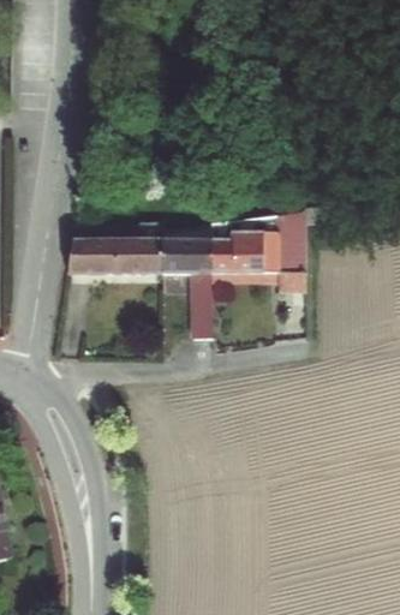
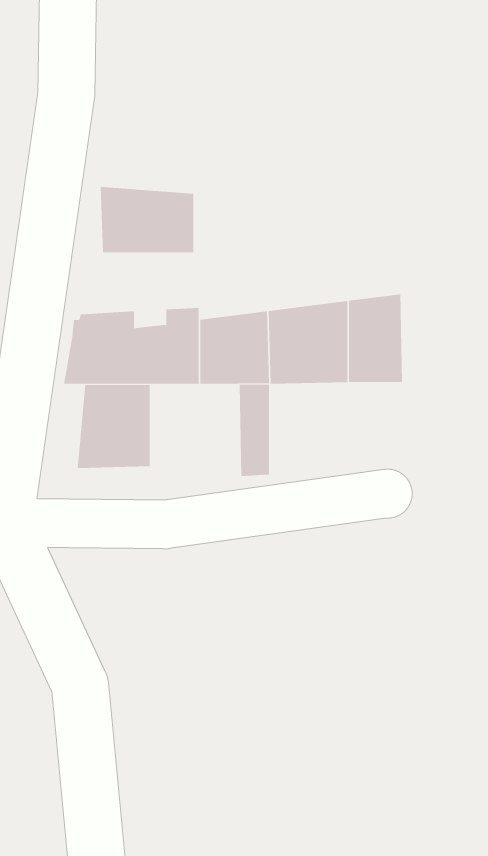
building: none -> [100,186,194,253]
building: none -> [77,384,150,469]

